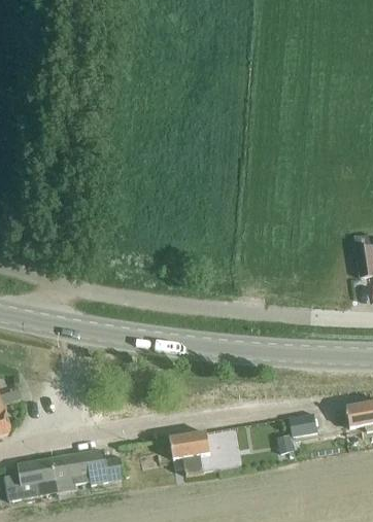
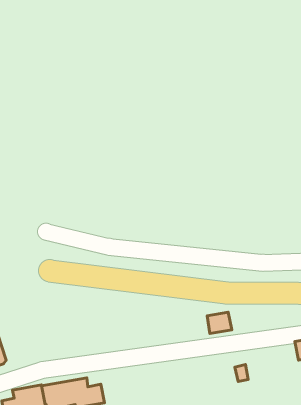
building: [289,413,317,438] -> [207,312,232,333]
building: [169,431,208,476] -> none

